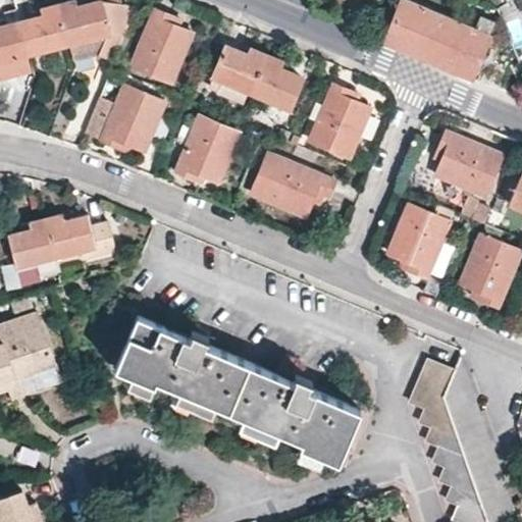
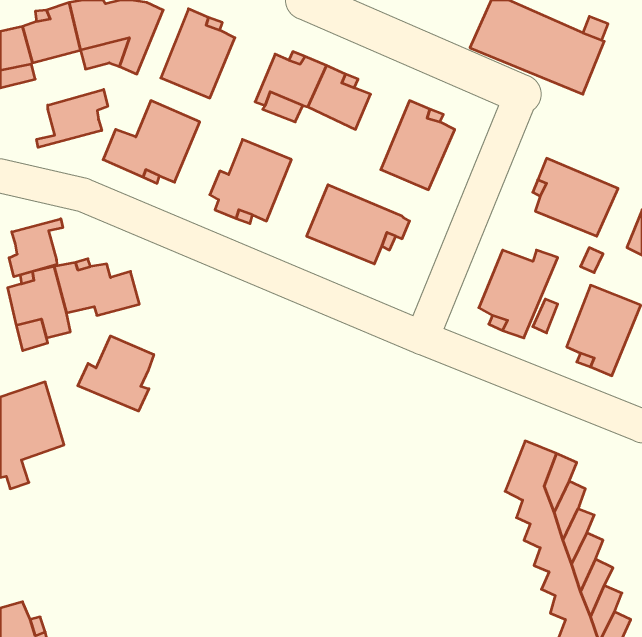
building: none -> [37,89,108,147]
building: none -> [9,219,63,277]
building: none -> [78,336,154,411]
building: [113,317,359,463] -> none

